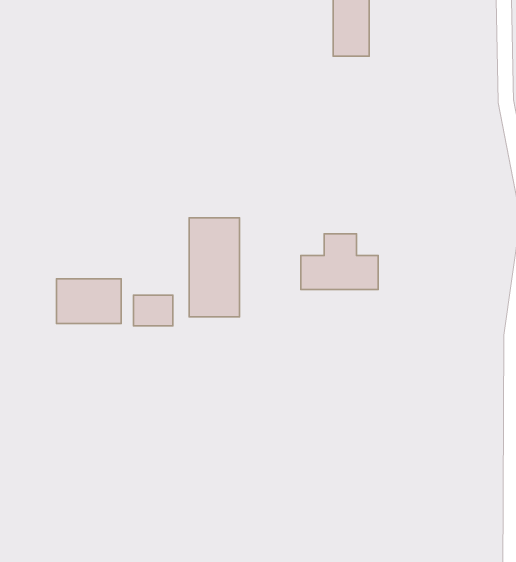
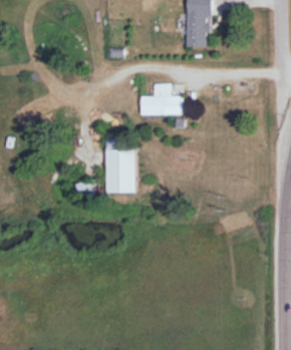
building: [301,234,378,290] -> [140,83,184,114]
building: [57,279,121,324] -> none

